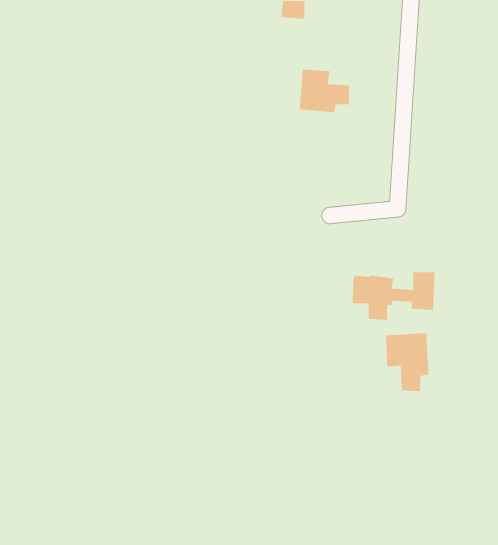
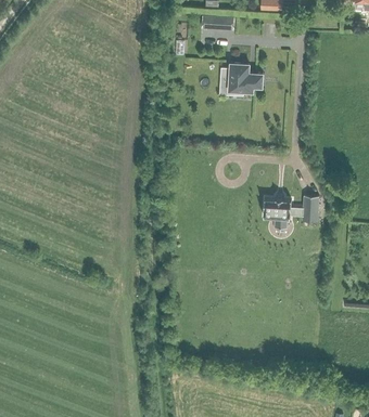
building: [385,333,429,392] -> none

